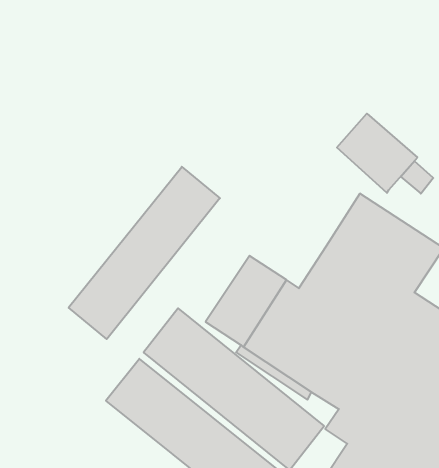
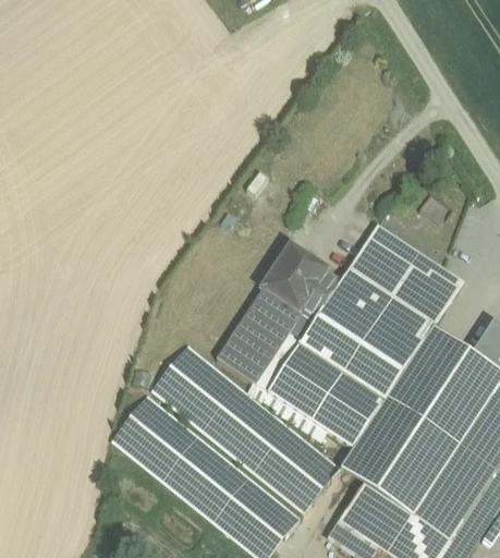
building: [337,114,417,193] -> none
building: [69,167,220,339] -> none
building: none -> [263,246,342,324]

